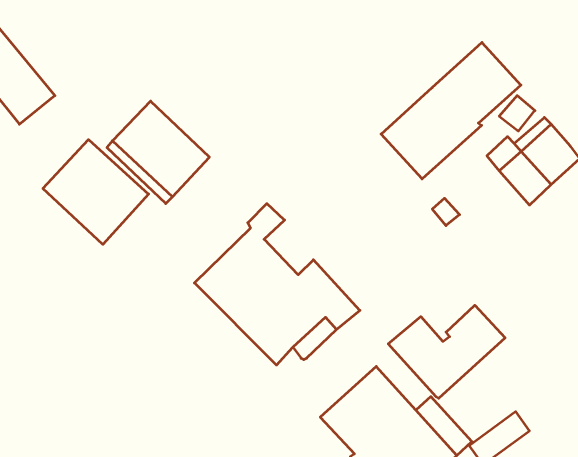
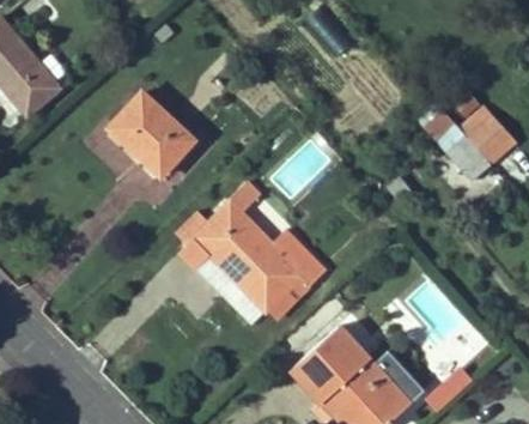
building: [381,42,521,179] -> none
building: [43,140,149,244] -> none
building: [388,305,505,398] -> none

